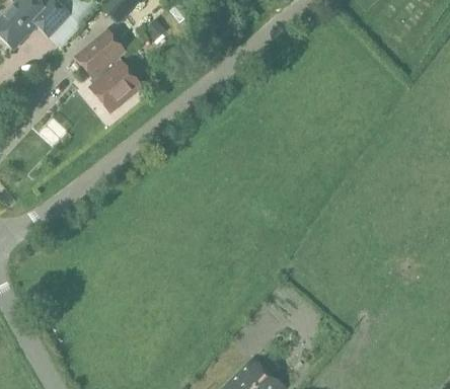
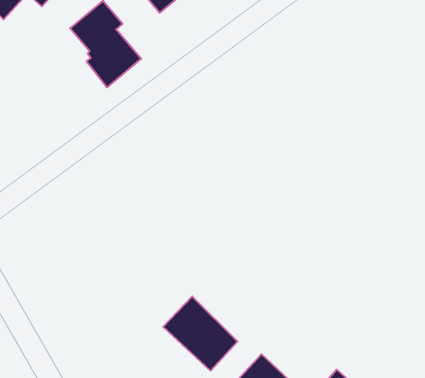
building: none -> [163,296,238,371]

